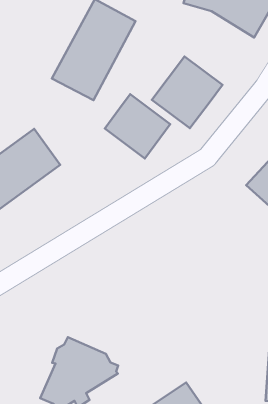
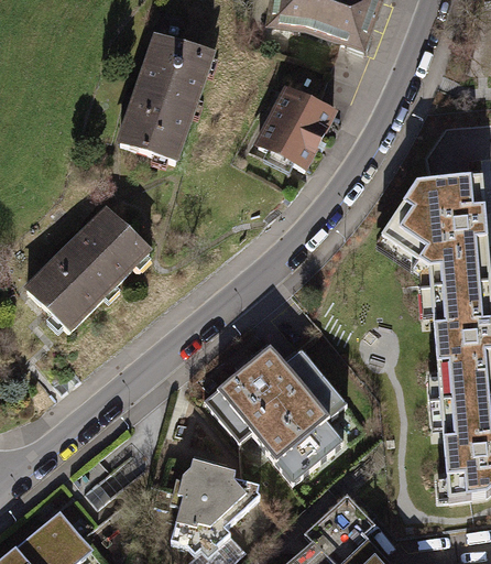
building: [105,94,170,158] -> none
building: none -> [201,344,346,482]

